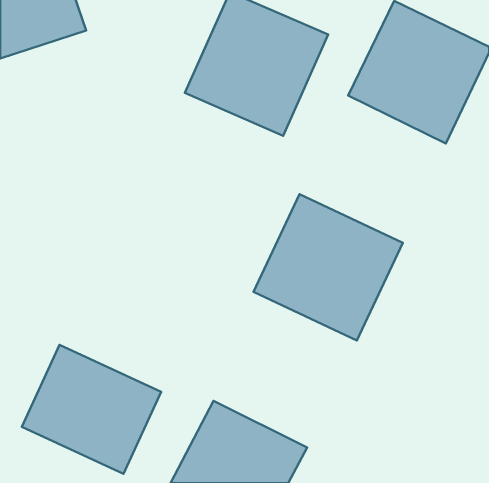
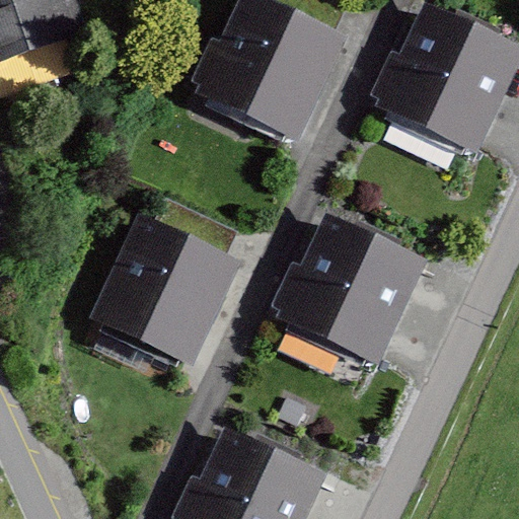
building: none -> [93,220,238,367]
building: [22,345,161,474] -> none

